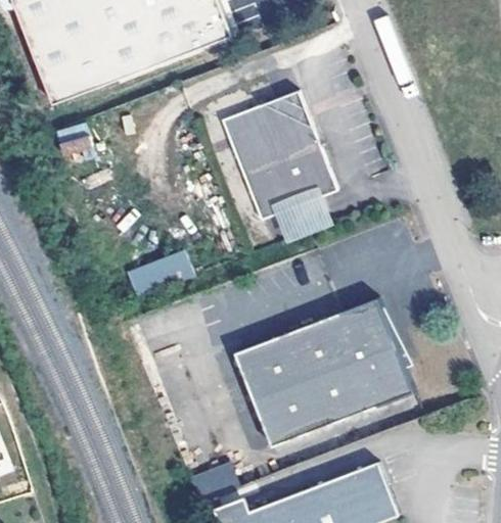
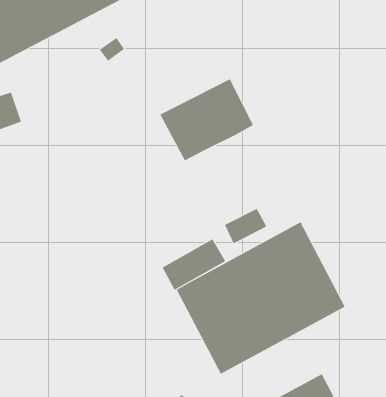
building: [220,87,318,167] -> none
building: [281,197,326,232] -> [224,208,267,244]
building: [126,249,194,299] -> [162,238,226,290]

